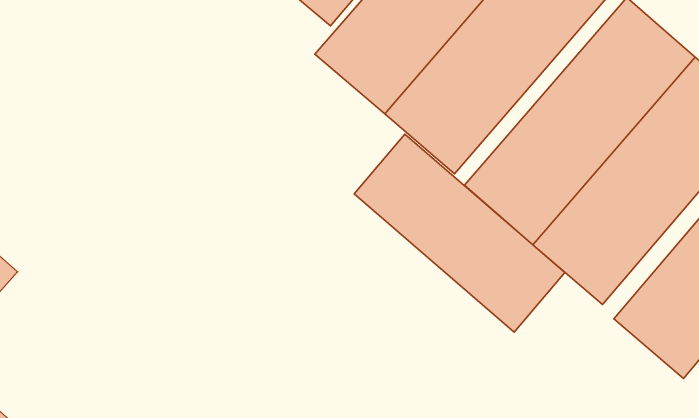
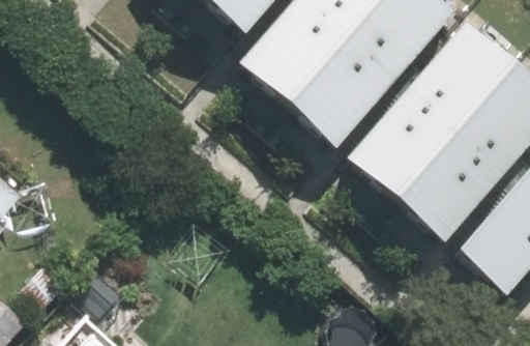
building: [354,134,565,332] -> none

